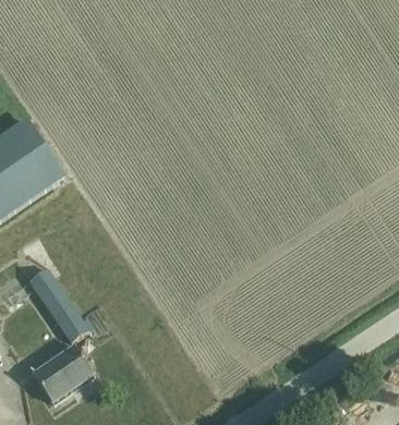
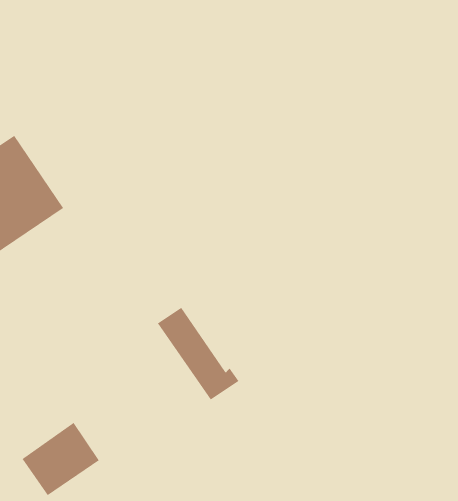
building: [27,268,93,342] -> [157,307,240,400]

